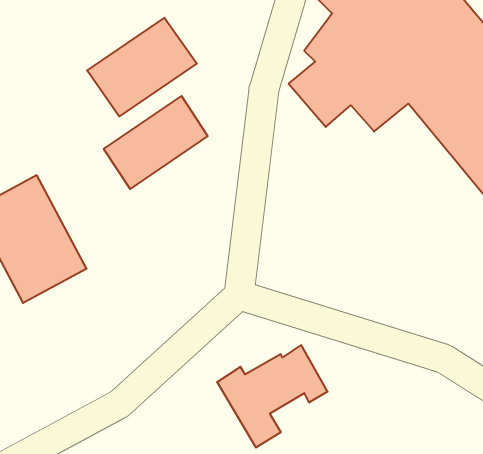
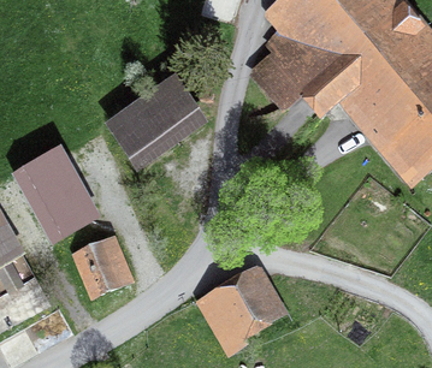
building: [87,18,197,116] -> none
building: none -> [75,236,134,297]

